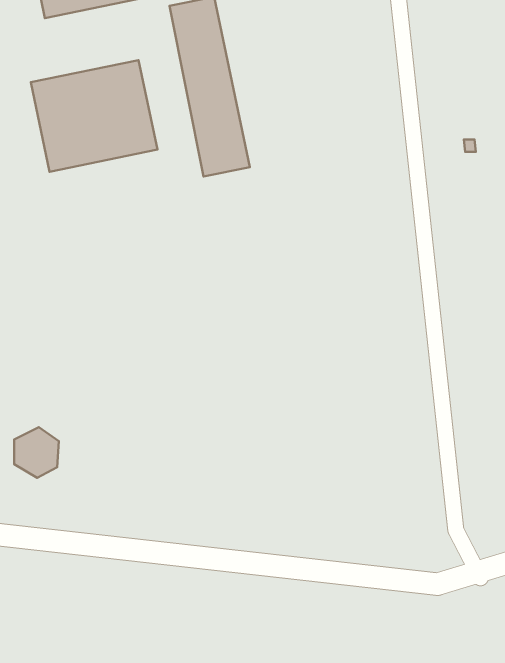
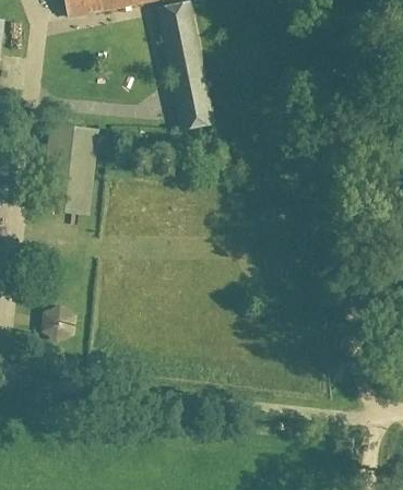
building: [31,60,157,172] -> none

